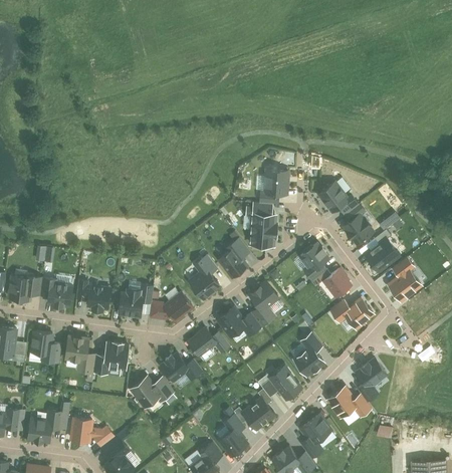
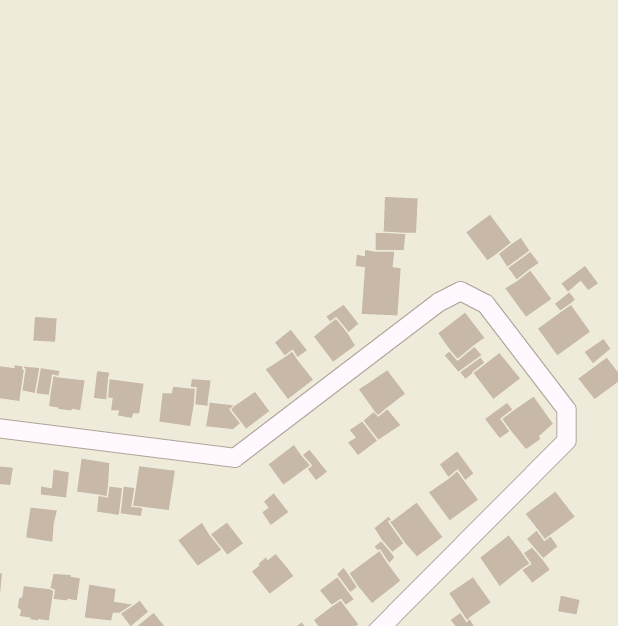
building: [218,308,245,334] -> none
building: [31,332,52,356] -> [25,507,58,543]
building: [161,353,189,381] -> [251,553,294,595]

